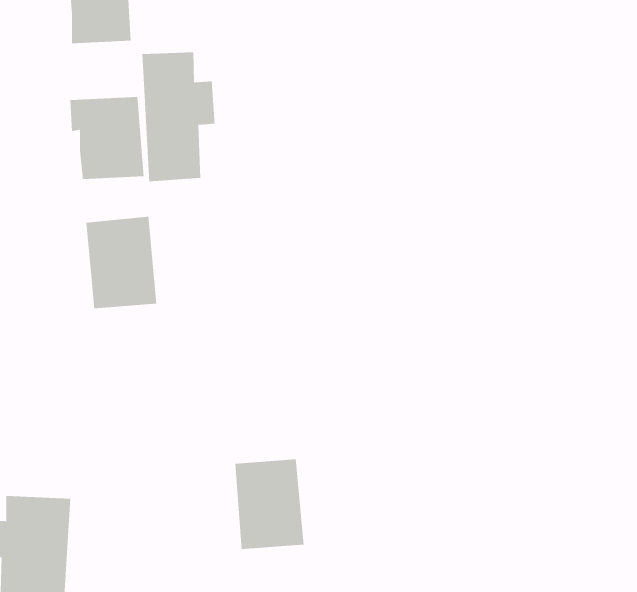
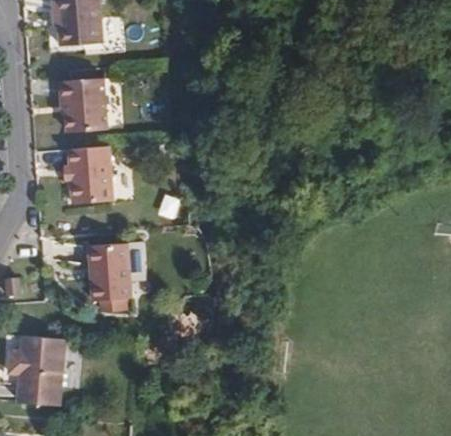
building: [142,51,215,182] -> none
building: [234,459,305,550] -> [85,241,129,298]

